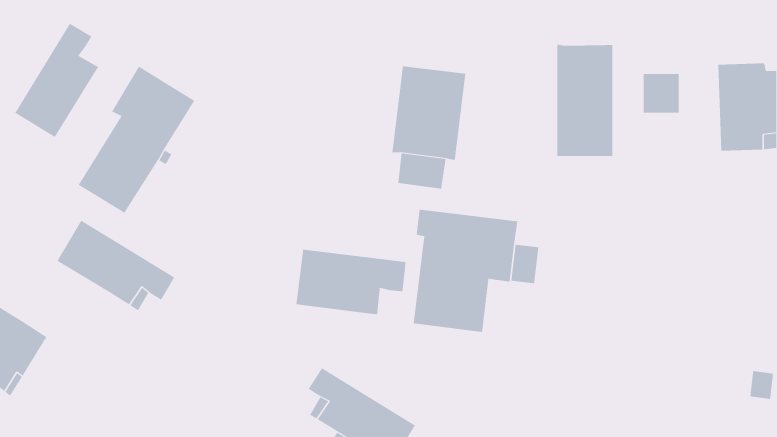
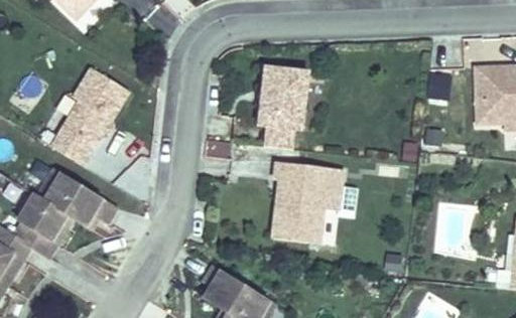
building: [14,23,99,138] -> none
building: [557,44,613,157] -> none
building: [296,249,406,315] -> none
building: none -> [14,193,73,257]

